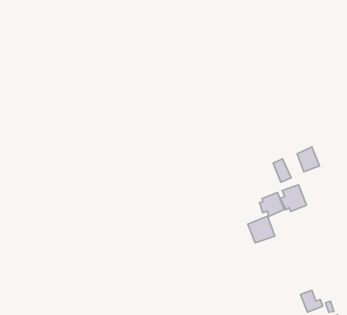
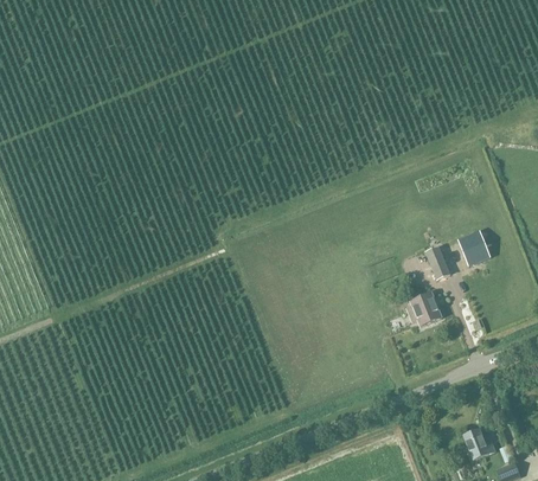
building: [280,185,307,212] -> none
building: [248,216,275,243] -> none

